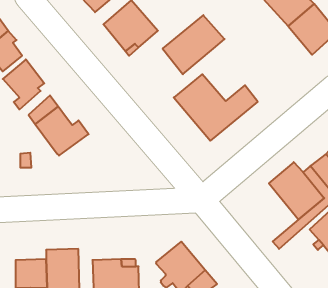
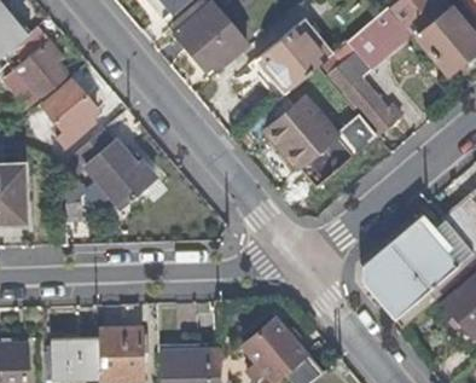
building: none -> [321,11,407,133]
building: none -> [364,242,429,318]

